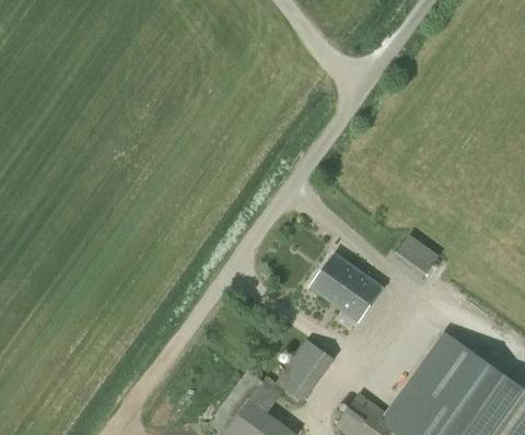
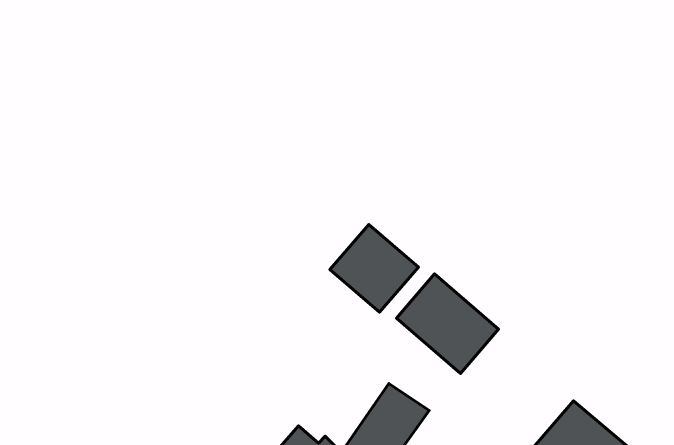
building: none -> [330,225,418,312]
building: [388,234,439,284] -> none

